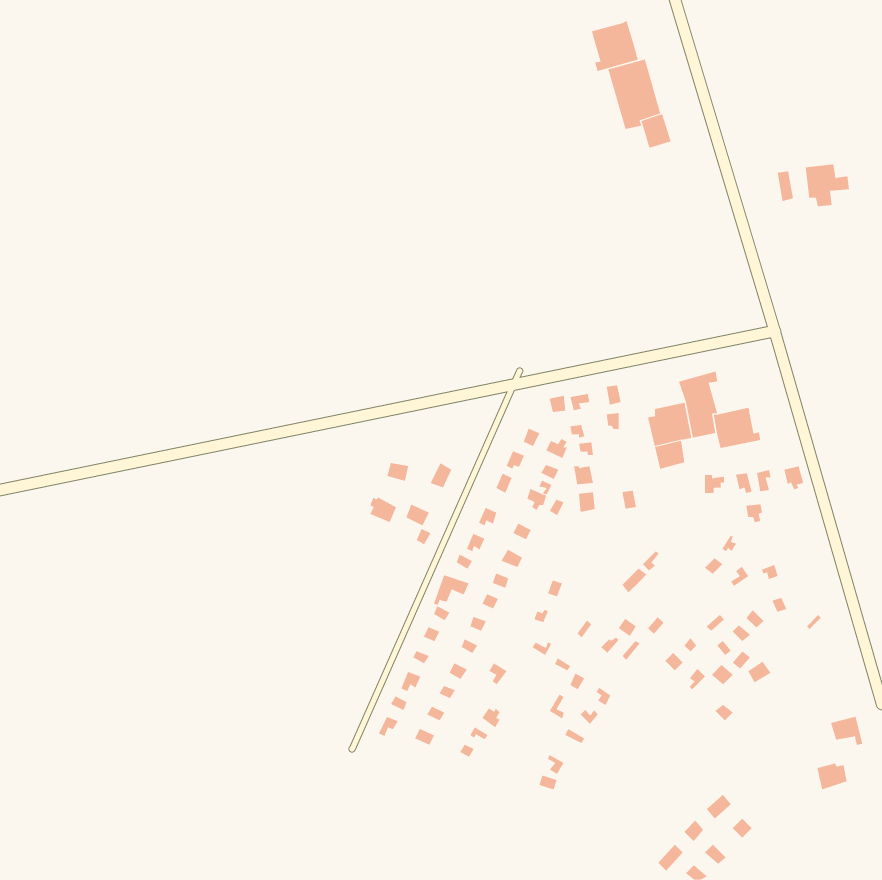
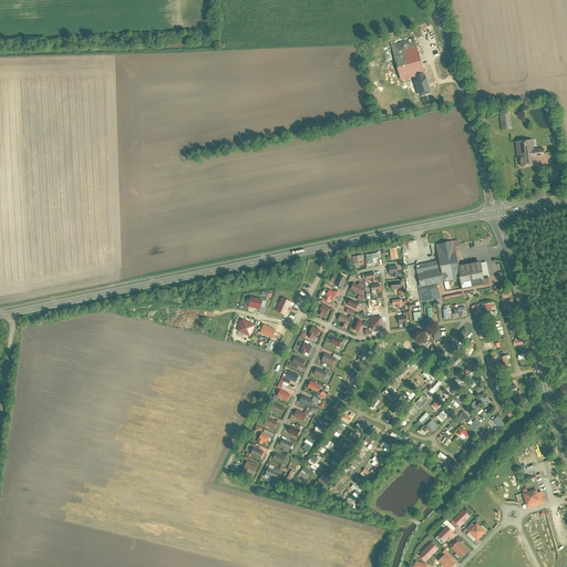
building: [591,20,638,72] -> none
building: [805,164,850,207] -> [515,138,544,166]

